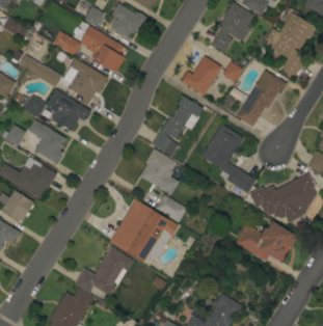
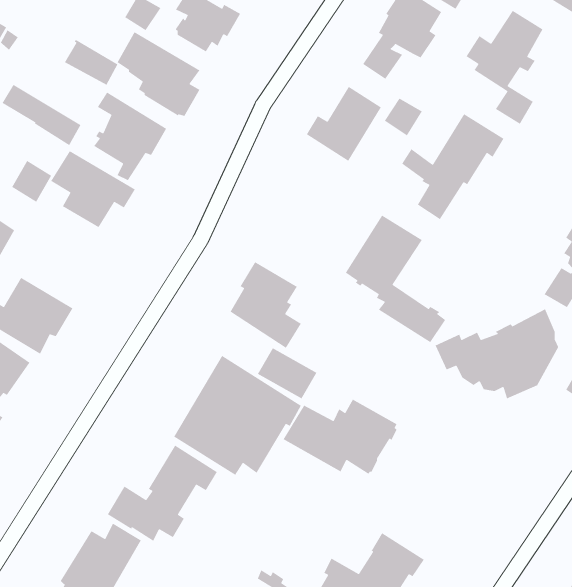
building: [152,96,203,156] -> none
building: [28,119,66,163] -> none
building: [235,221,296,262] -> [282,399,397,475]

